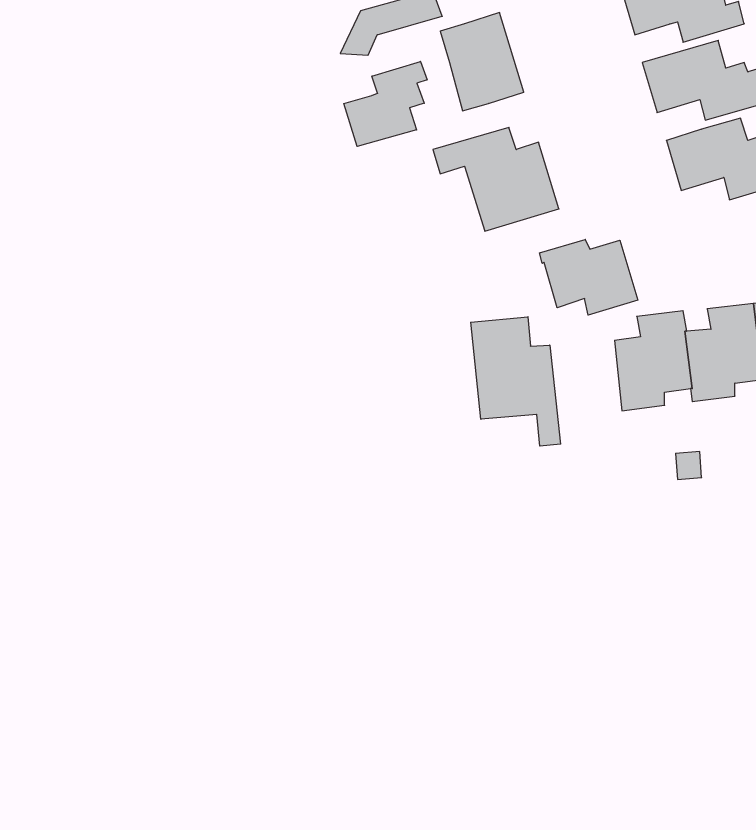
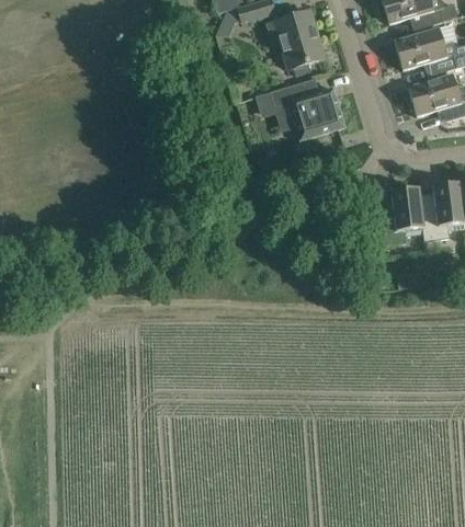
building: [344,61,427,146] -> none
building: [539,239,638,315] -> none
building: [471,317,561,446] -> none

